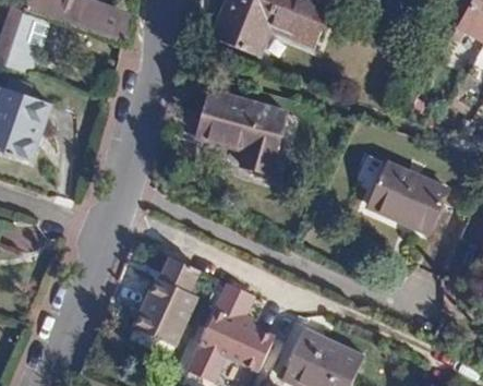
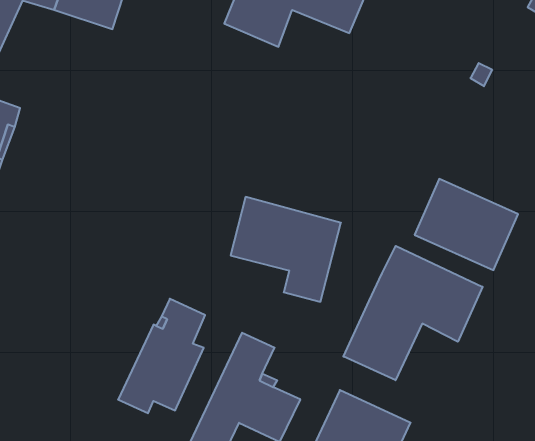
building: [197,91,286,174] -> [231,197,341,302]
building: none -> [343,246,483,380]

